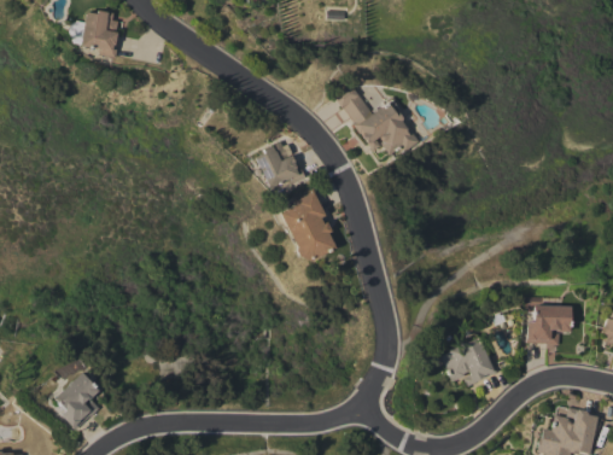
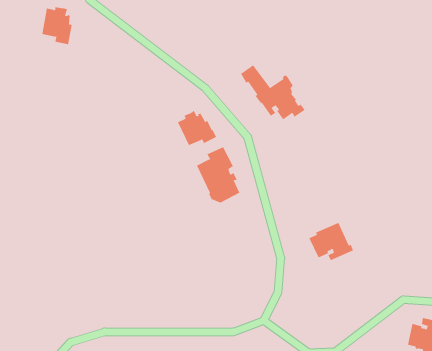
building: [526,307,571,346] -> none
building: [439,337,497,386] -> [309,222,354,261]
building: [54,373,100,430] -> none

